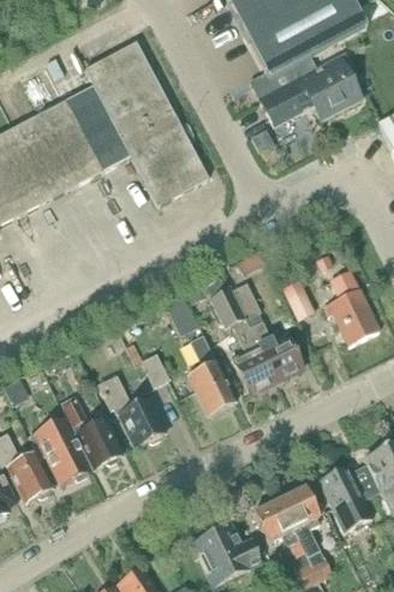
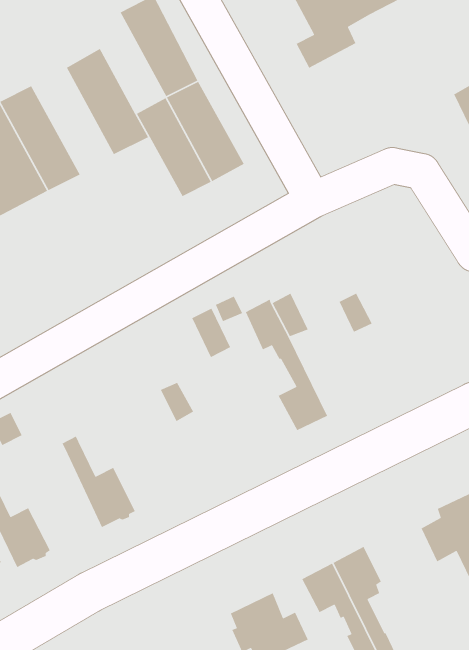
building: [84,55,145,137] -> none
building: [261,55,362,126] -> none
building: [37,100,103,186] -> none
building: [324,288,378,346] -> none
building: [251,322,305,381] -> none
building: [190,333,237,413] -> none
building: [101,381,163,448] -> none
building: [28,418,90,485] -> none
building: [320,464,372,530] -> none

